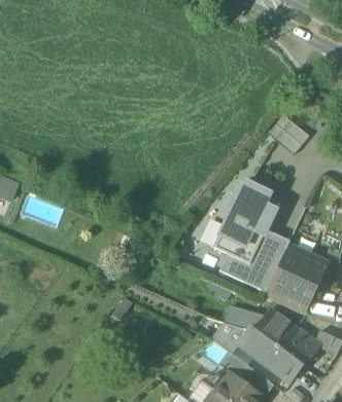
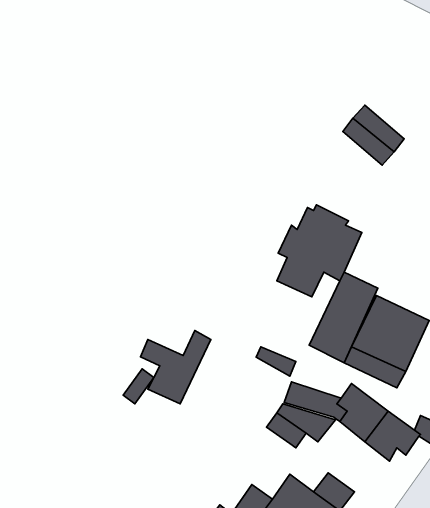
building: [214,229,264,281] -> [141,331,211,404]
building: [248,332,303,381] -> none
building: [218,350,255,383] -> none

